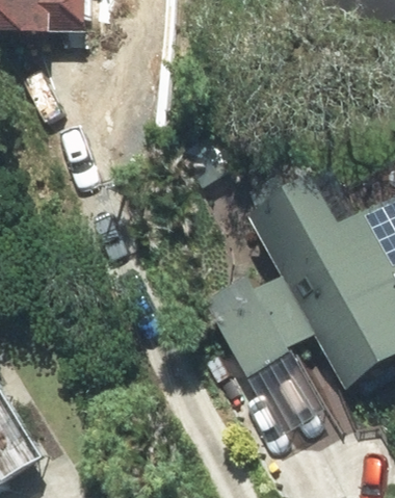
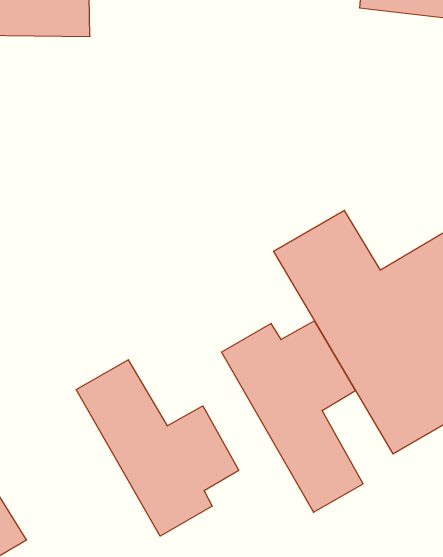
building: none -> [76,360,239,536]

